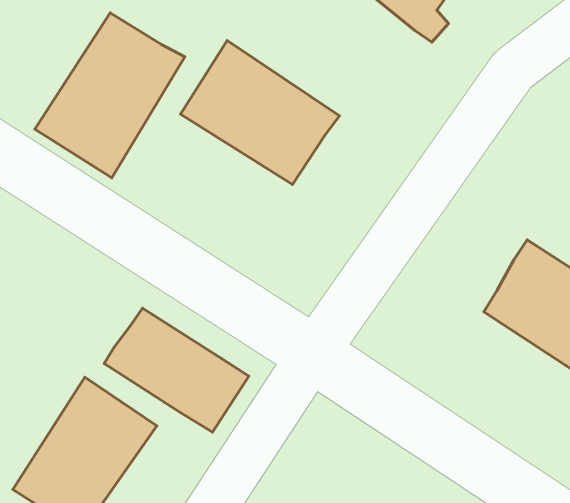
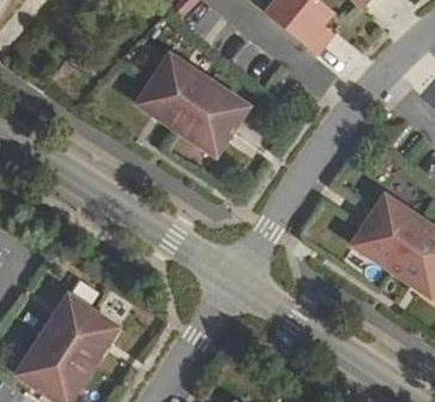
building: [35,13,185,178] -> none
building: [104,308,249,432] -> none

